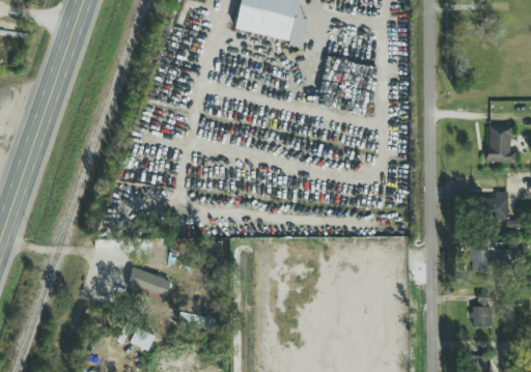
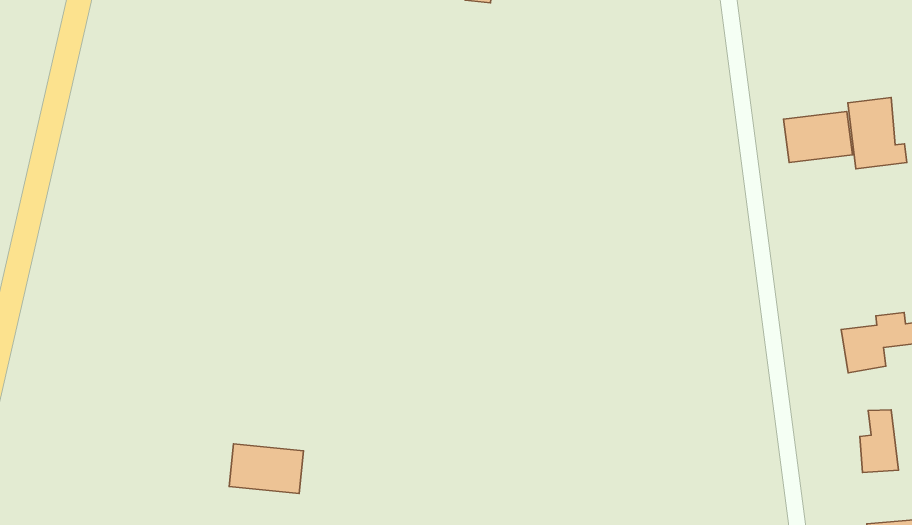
building: none -> [784,111,852,163]
building: [486,194,508,217] -> none

